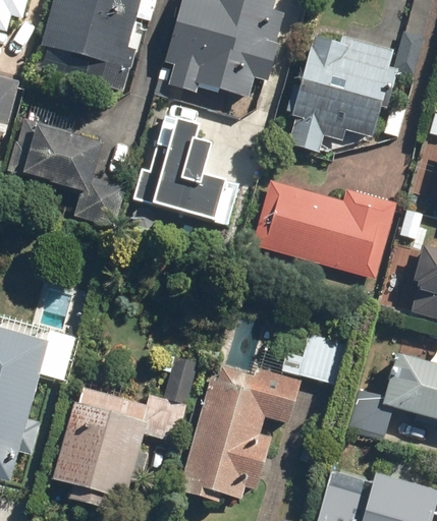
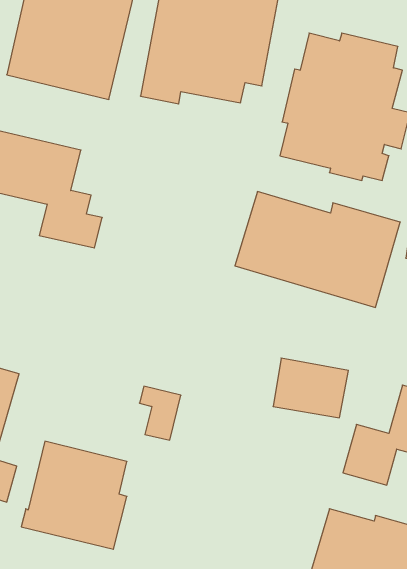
building: [129,112,240,223] -> none
building: [182,361,298,496] -> none

